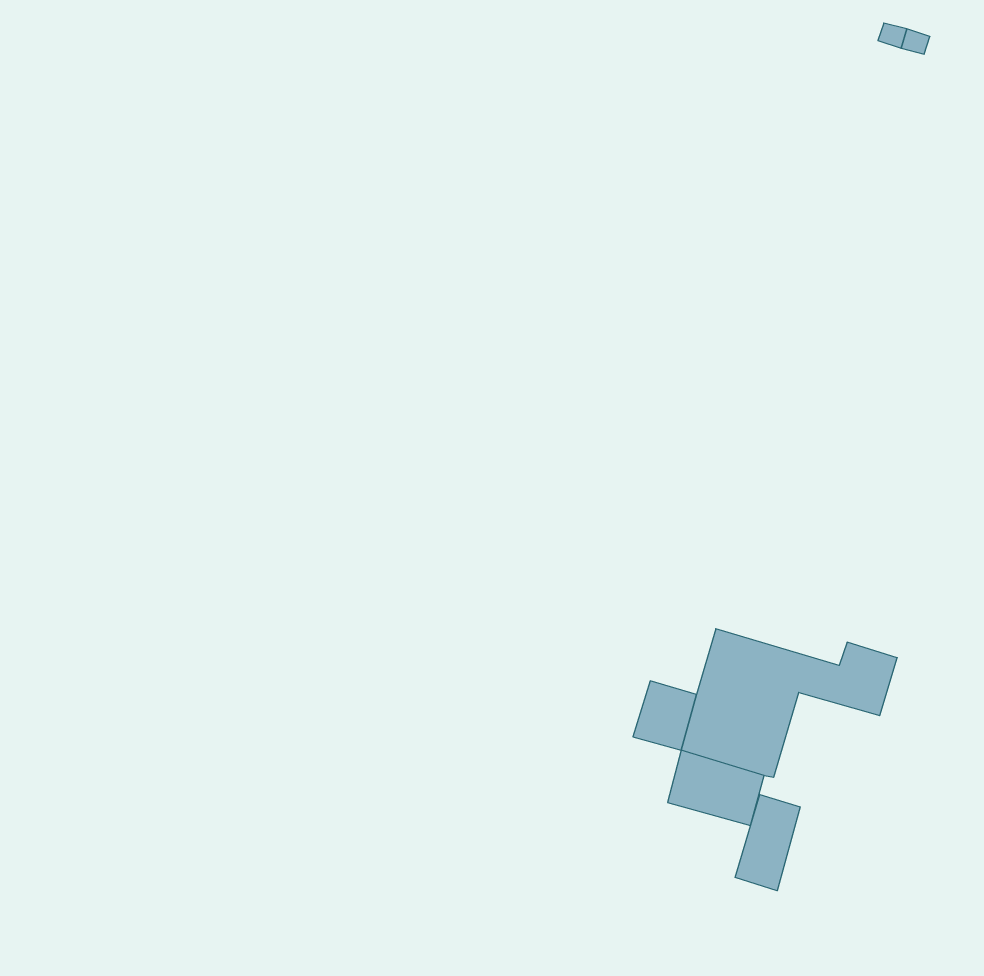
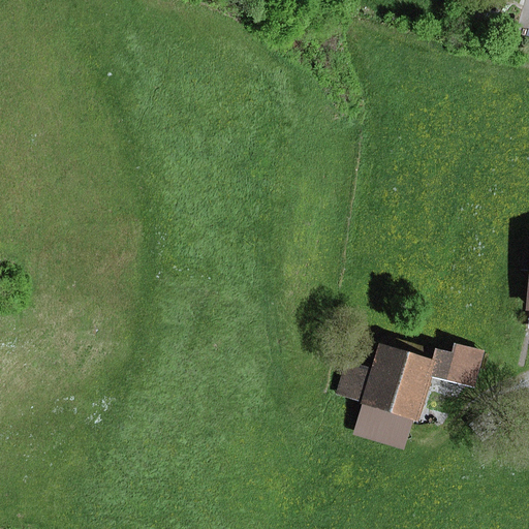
building: [735,794,800,891] -> none

